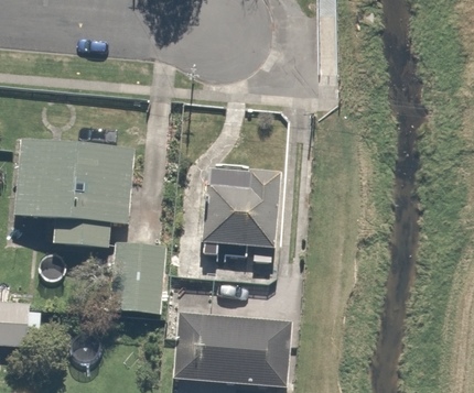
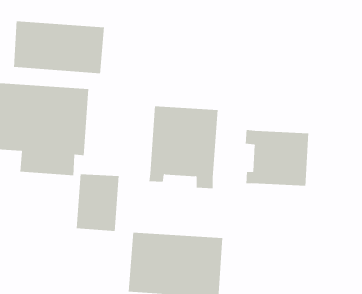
building: none -> [13,20,105,74]
building: none -> [245,129,309,187]

